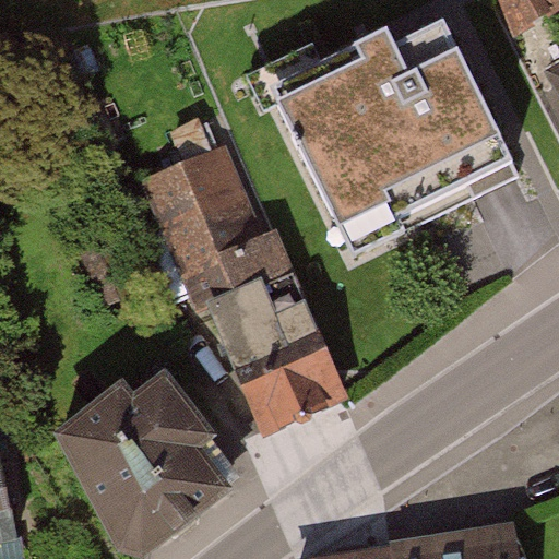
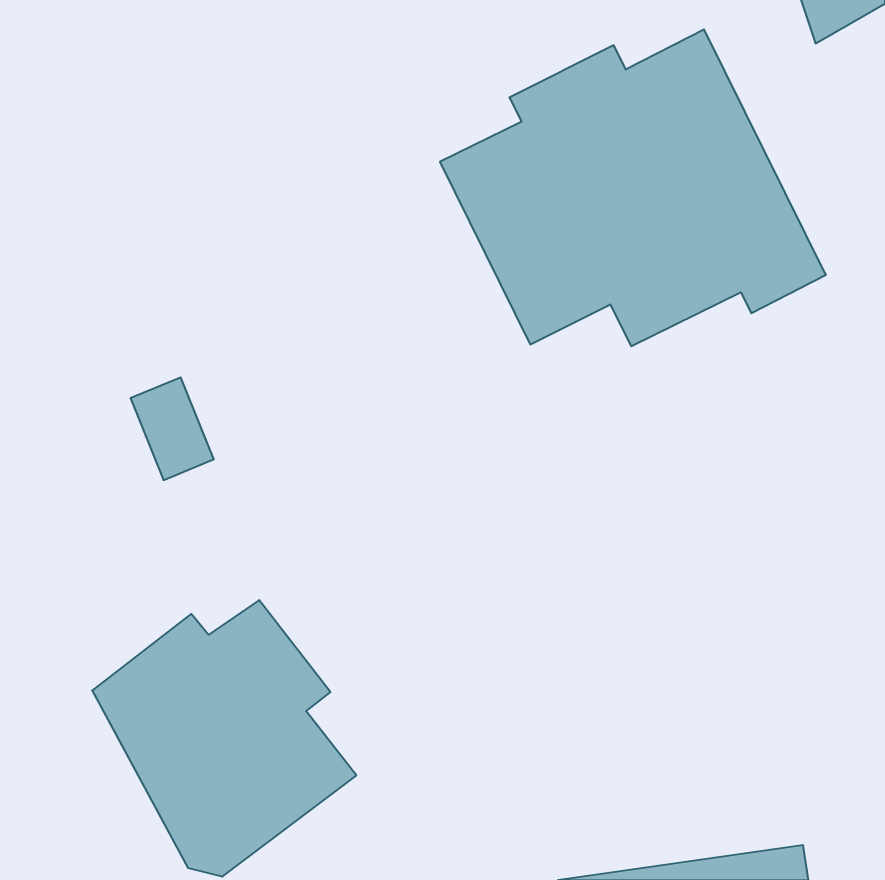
building: [158,156,341,425] -> none

